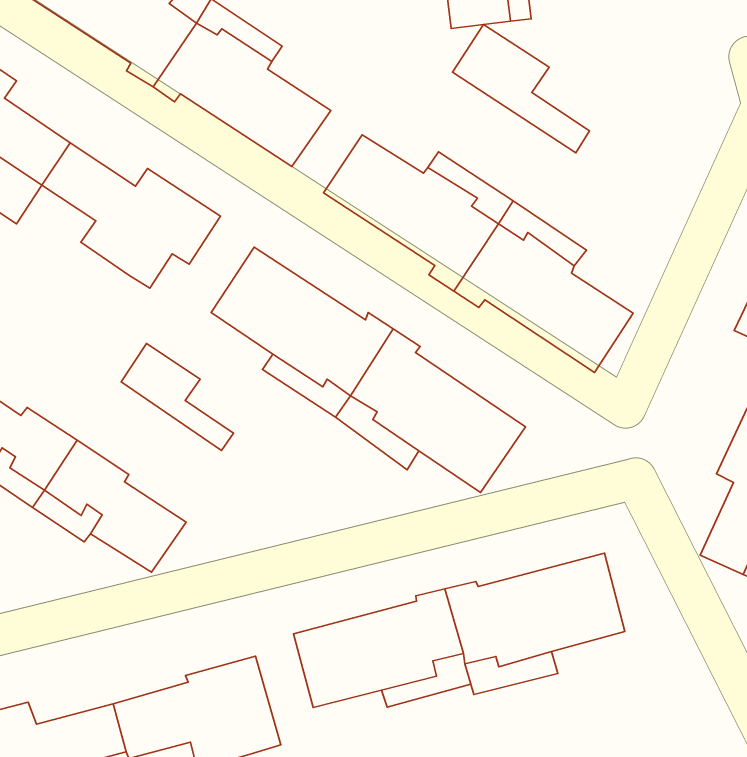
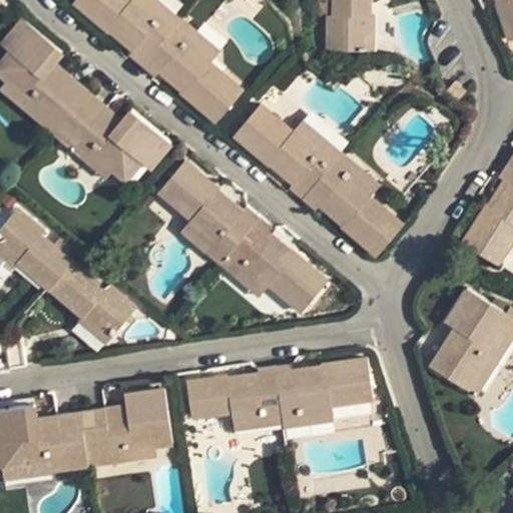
building: [452,25,590,153] -> none
building: [121,343,233,451] -> [57,113,117,179]

